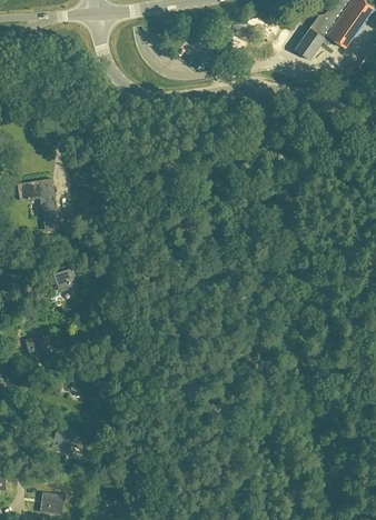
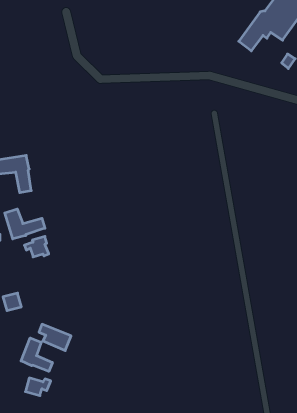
building: none -> [5,209,45,239]
building: none -> [21,338,52,371]

